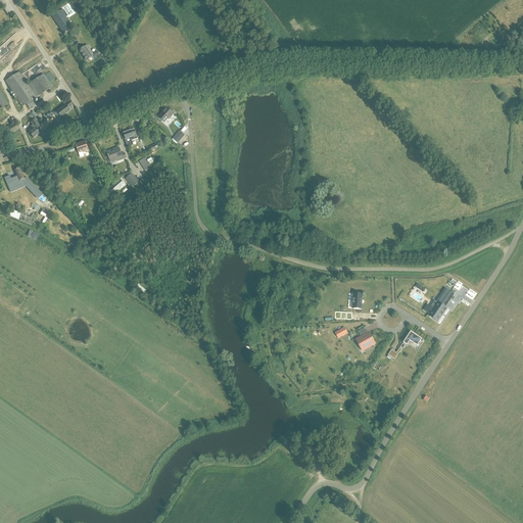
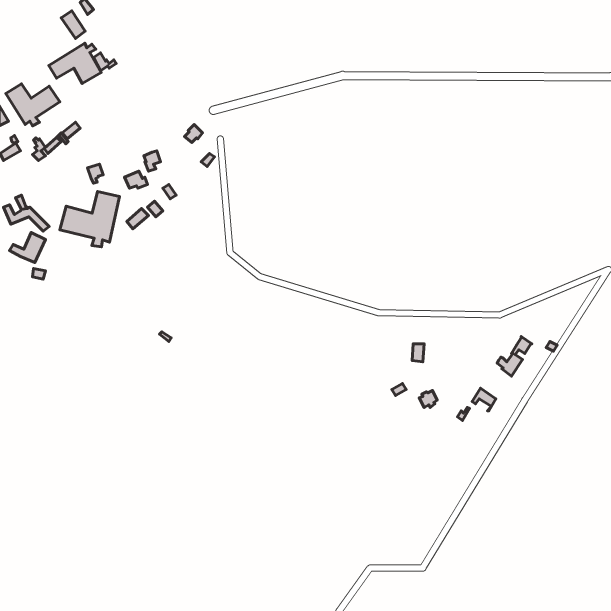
building: none -> [49,43,101,83]
building: none -> [60,192,120,247]

